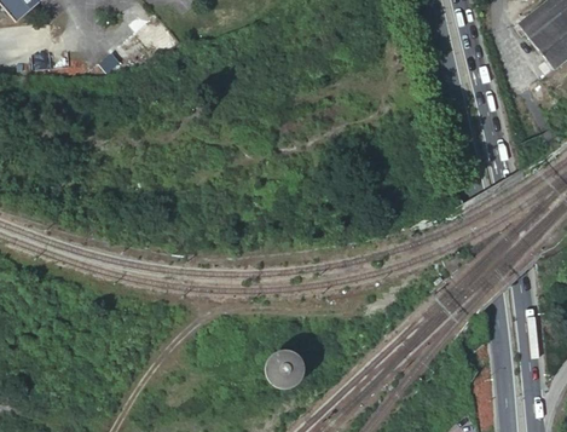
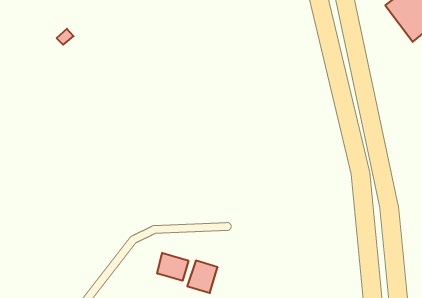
building: none -> [157,253,188,281]

